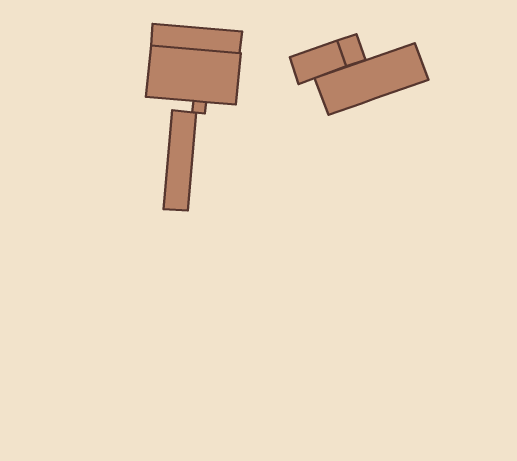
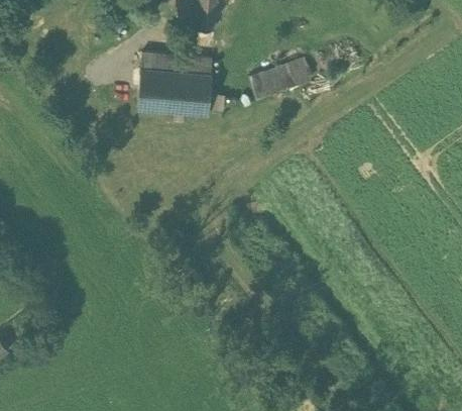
building: [315,43,429,115] -> none
building: [164,110,196,210] -> none

